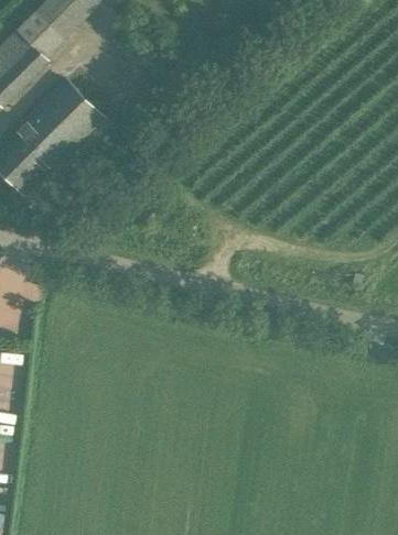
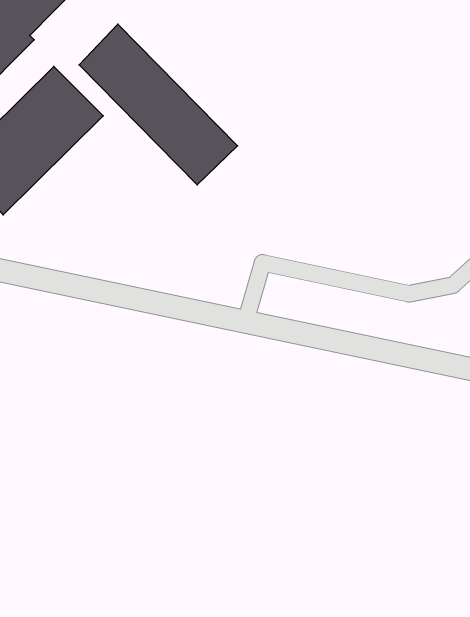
building: none -> [79,24,237,185]

